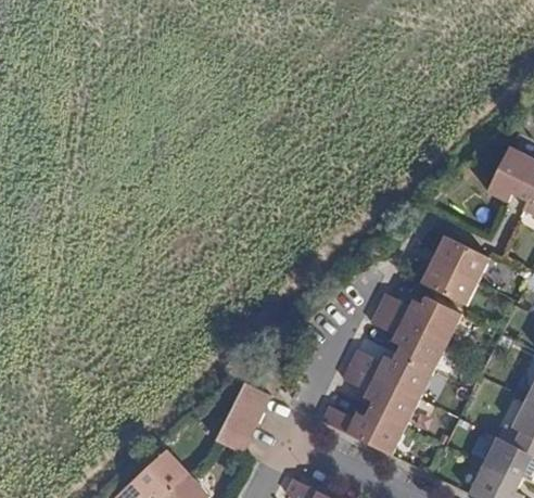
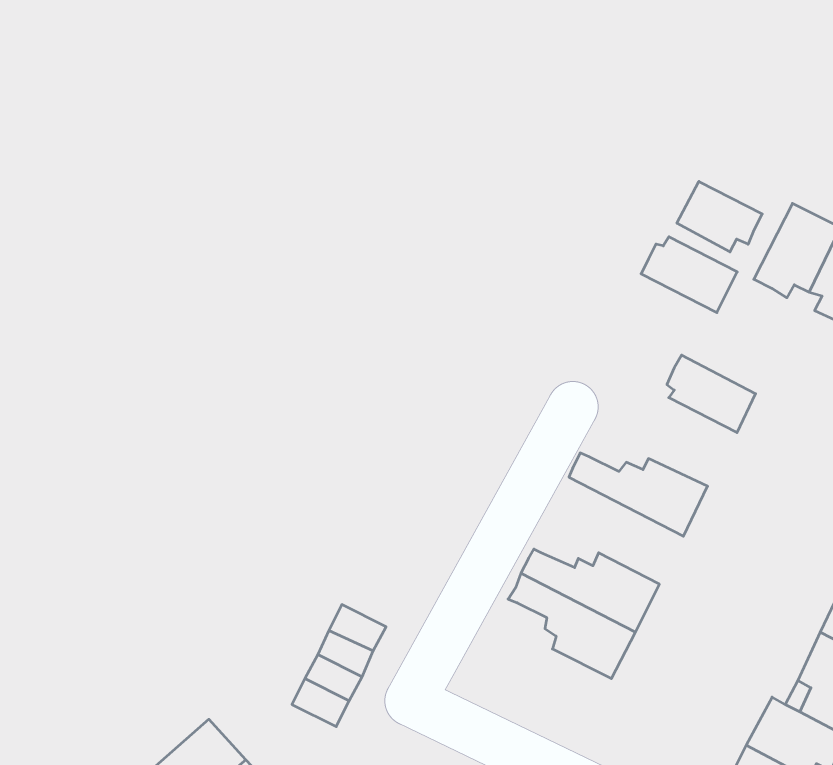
building: none -> [677,181,762,252]
building: [420,261,476,306] -> [641,237,737,313]
building: [370,308,445,371] -> none
building: [321,407,403,455] -> none

